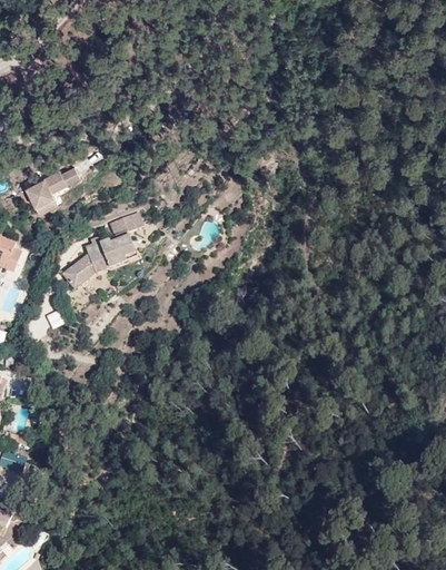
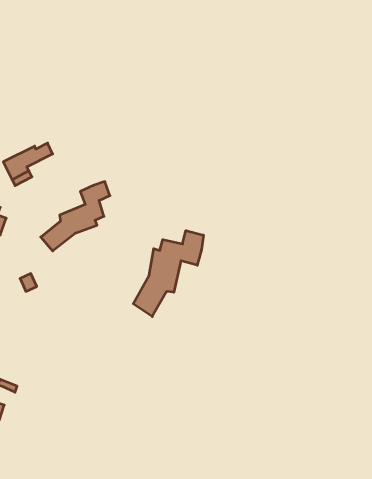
building: none -> [133,231,203,317]

